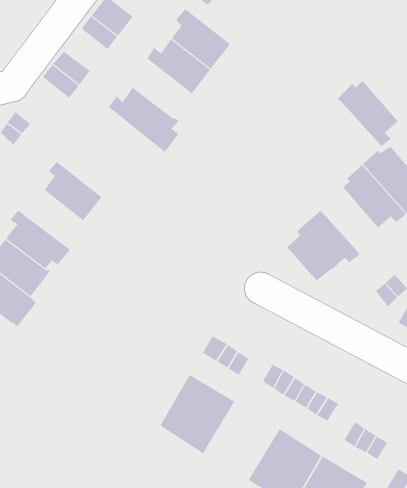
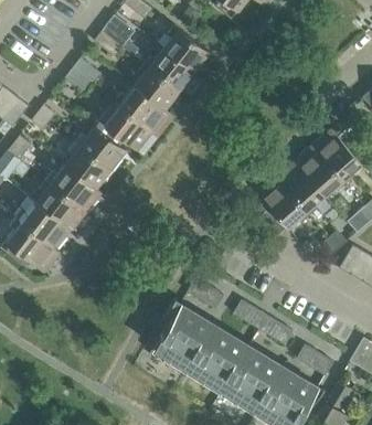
building: none -> [134,64,180,110]
building: [337,80,398,147] -> [276,163,323,215]
building: none -> [99,102,159,152]
building: none -> [75,127,126,171]
building: none -> [45,166,96,212]
building: none -> [189,329,247,390]

